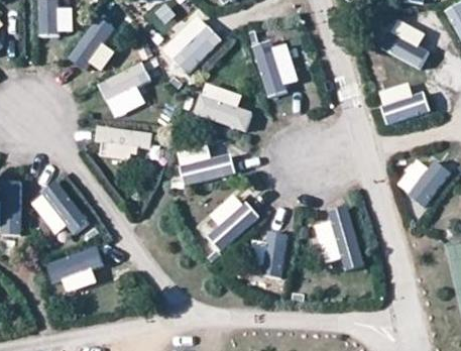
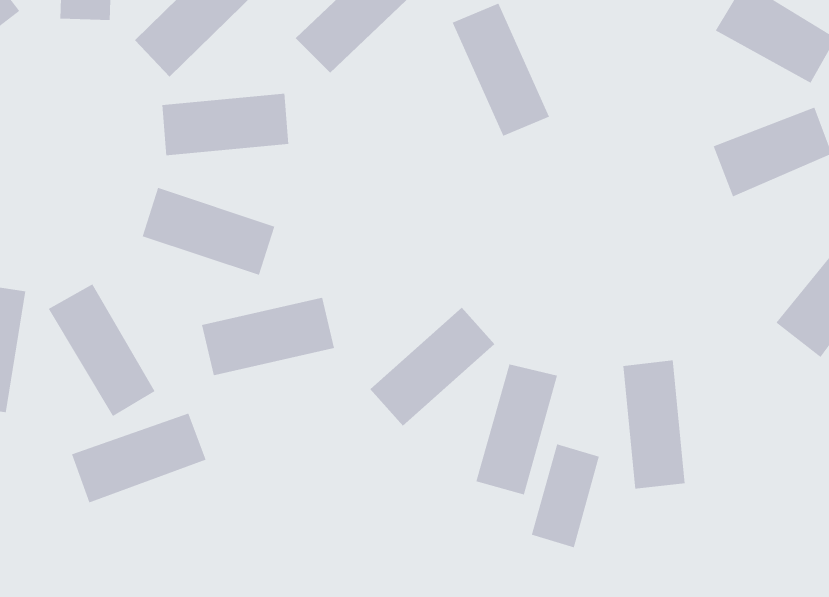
building: [196,82,264,134] -> none
building: [180,143,248,184] -> [201,297,335,376]
building: none -> [531,443,600,548]

